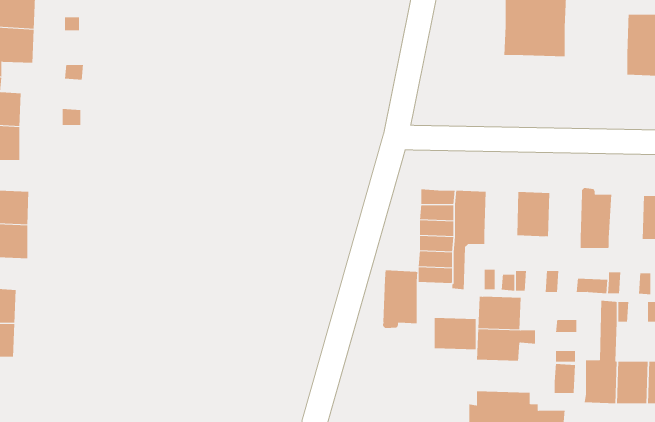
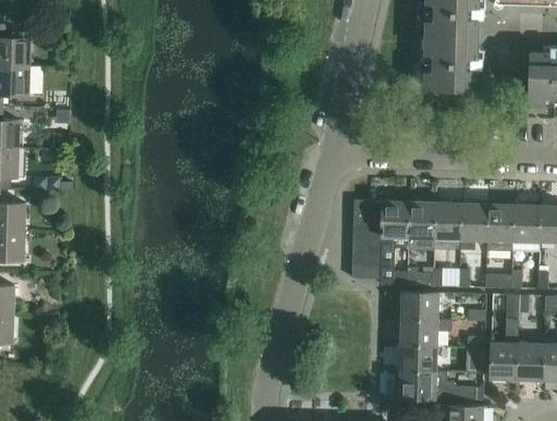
building: none -> [408,202,435,249]
building: none -> [459,203,488,249]
building: none -> [512,205,541,251]
building: [383,269,418,329] -> none
building: [434,318,477,350] -> [400,344,436,371]

